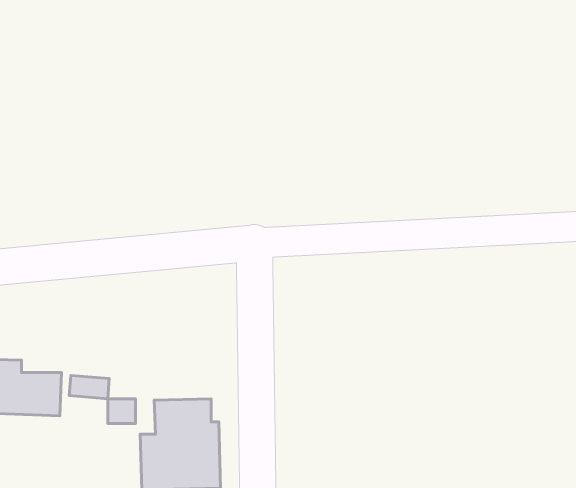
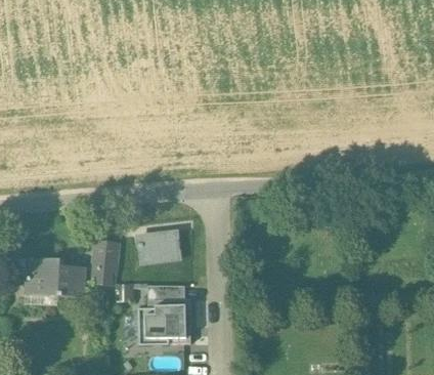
building: none -> [137,232,179,262]
building: none -> [91,242,120,270]

